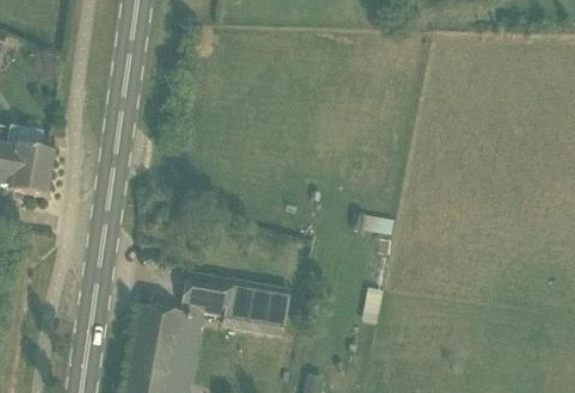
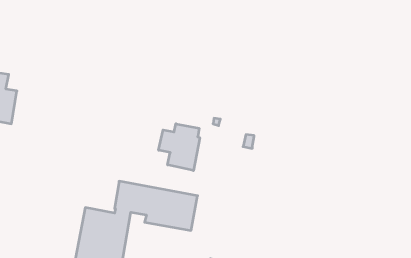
building: none -> [159,124,200,171]

